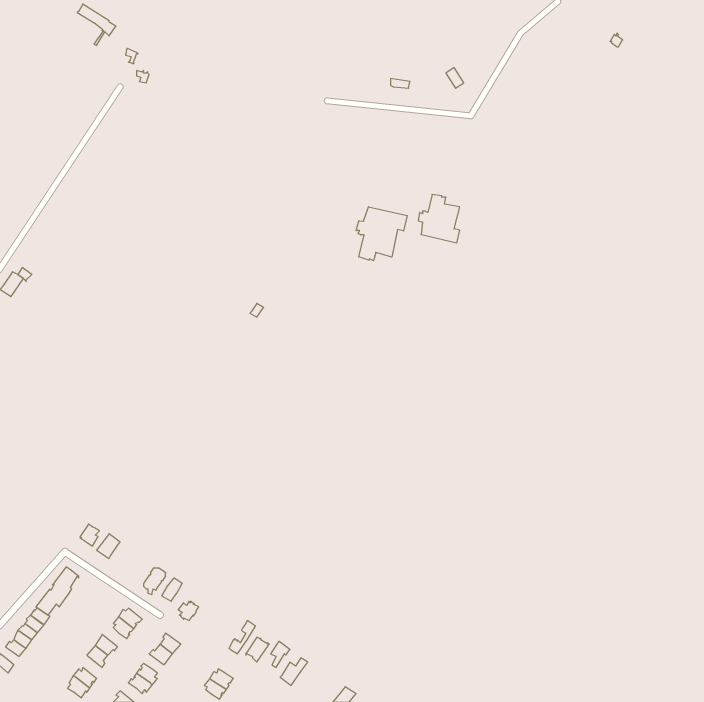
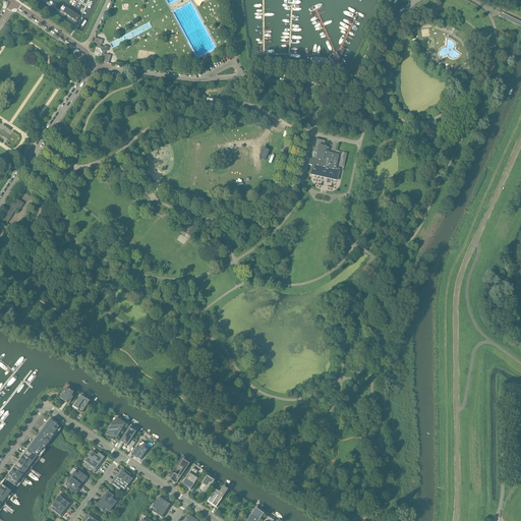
building: [356,207,407,261] -> none

